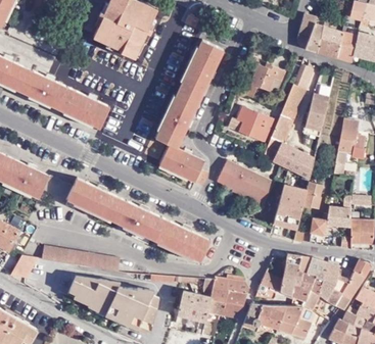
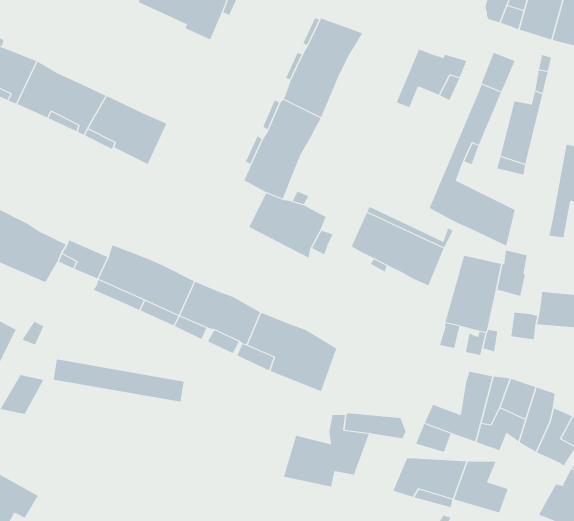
building: [229,106,275,143] -> none
building: [68,280,159,330] -> none
building: [220,290,248,318] -> none

